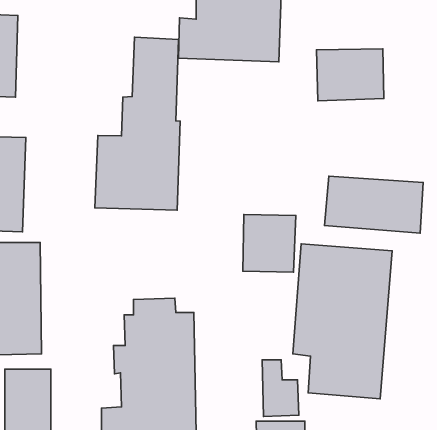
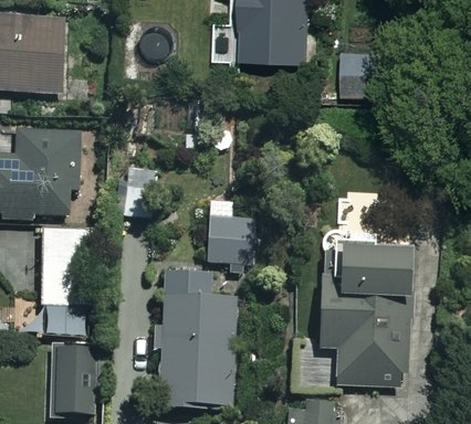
building: [95,37,180,210] -> none
building: [325,176,423,233] -> none
building: [243,214,296,272] -> [208,216,258,271]

